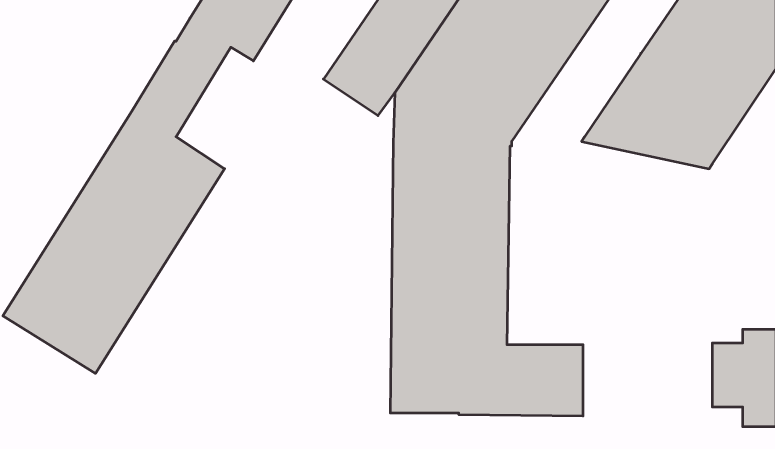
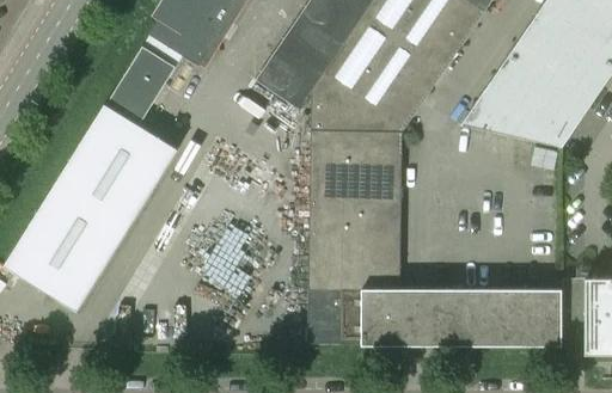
building: none -> [459,289,561,345]

